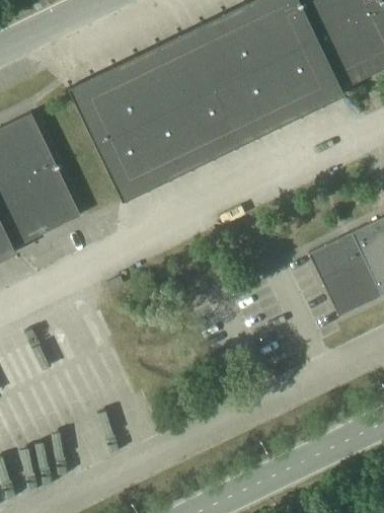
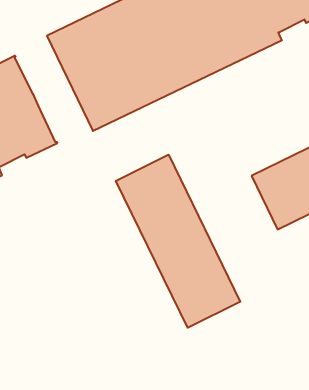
building: none -> [116,155,240,328]

